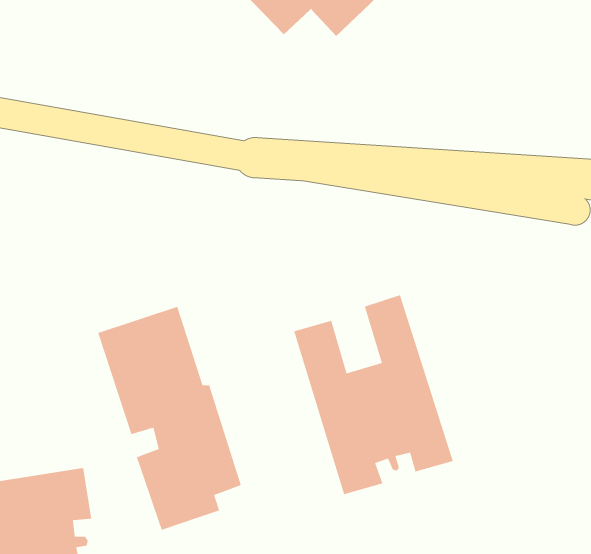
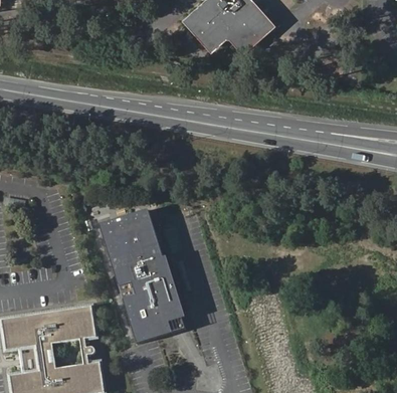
building: [293,294,454,495] -> none

